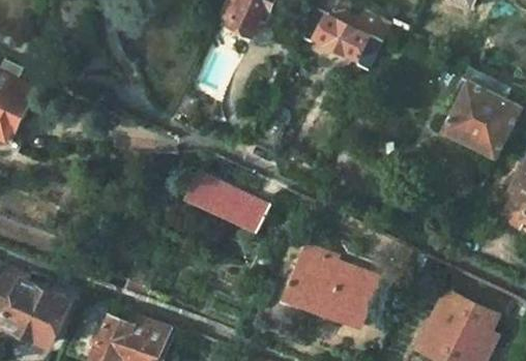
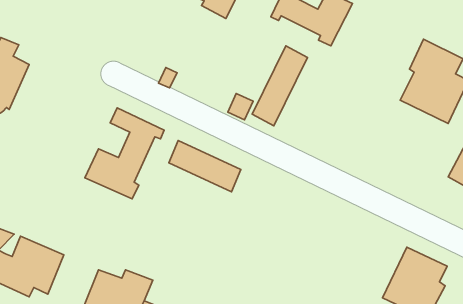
building: none -> [252,46,307,126]
building: none -> [85,108,164,199]
building: [287,247,379,325] -> none

